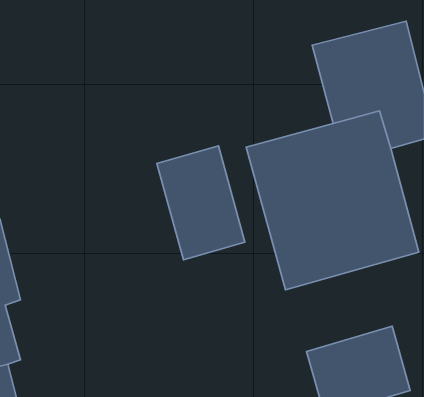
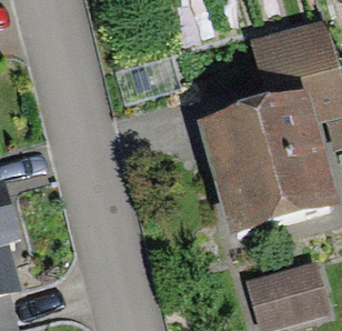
building: [157,146,245,260] -> none

